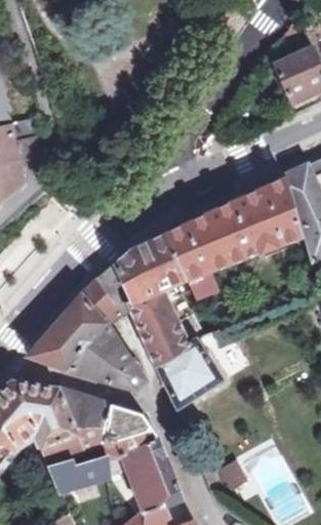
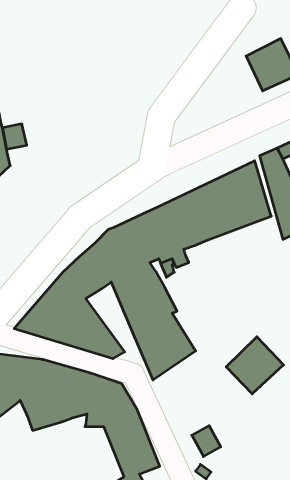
building: none -> [226,337,284,394]
building: [48,450,106,494] -> none

